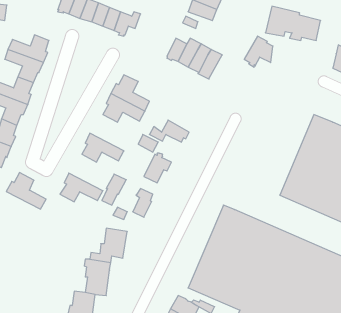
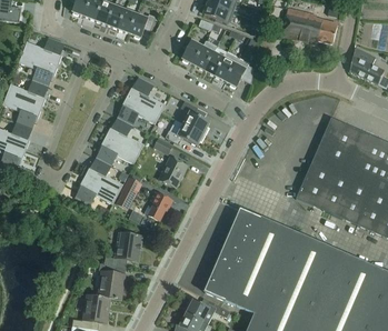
building: [244,36,273,67] -> [225,57,253,88]
building: none -> [181,100,210,134]
building: none -> [105,117,145,153]
building: [6,173,46,209] -> [83,157,123,193]

